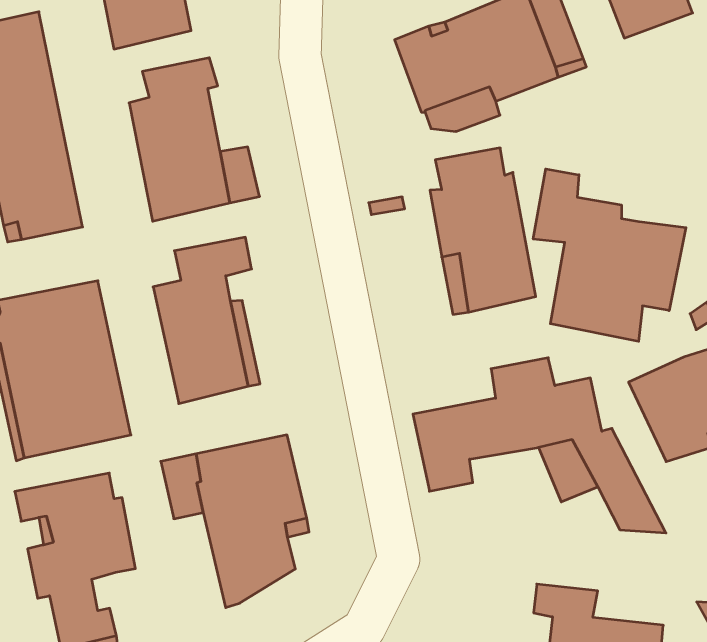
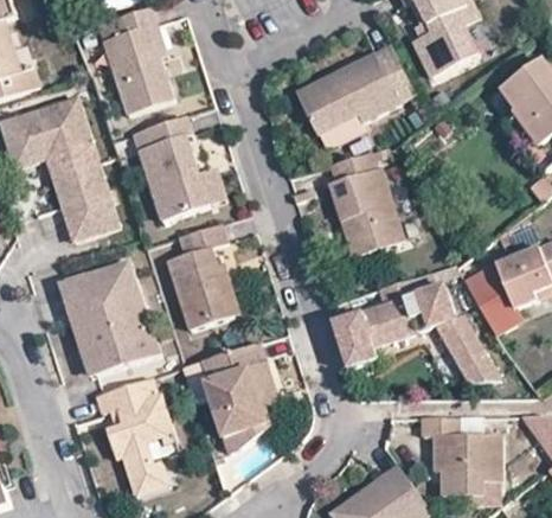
building: [533,169,686,341] -> none

